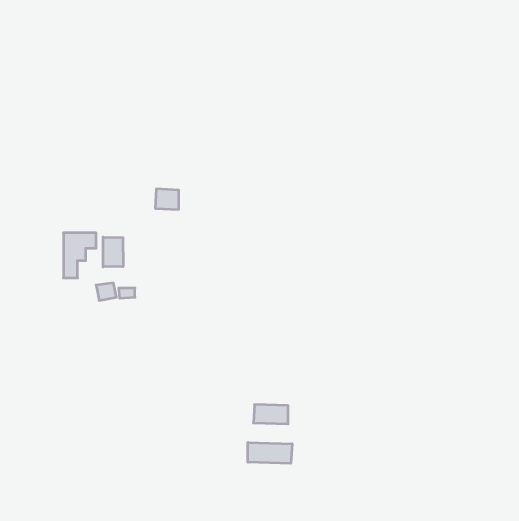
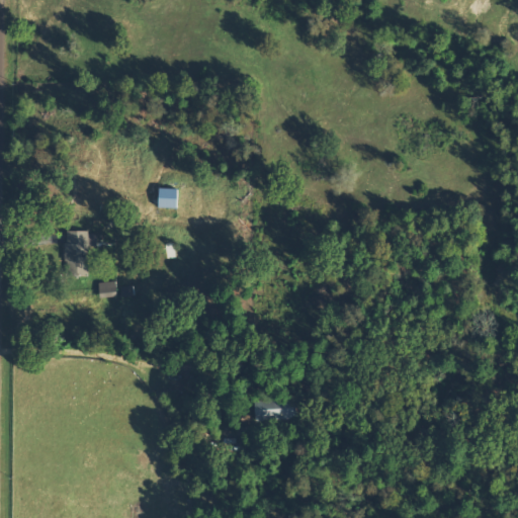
building: [103,237,123,267] -> none
building: [248,442,292,463] -> none

